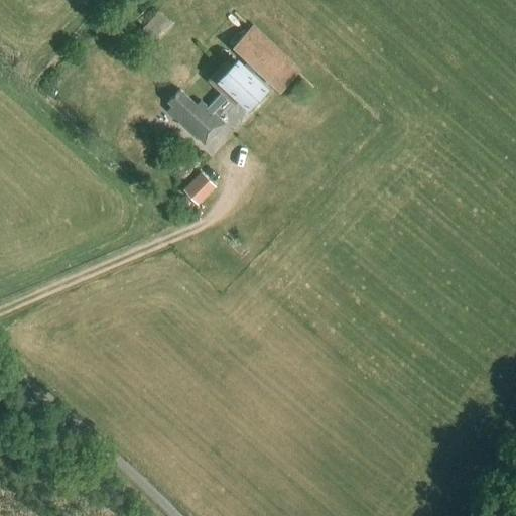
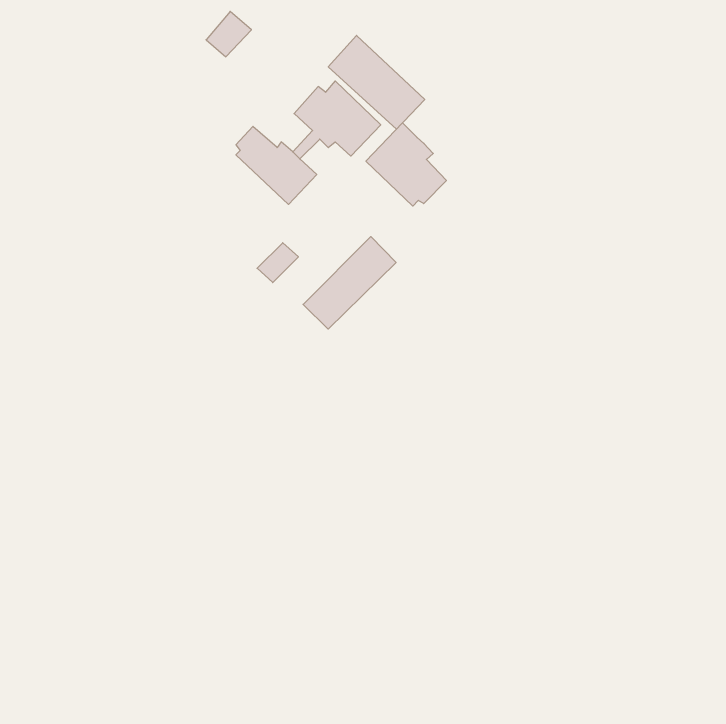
building: none -> [366,123,446,206]
building: none -> [303,237,396,329]

